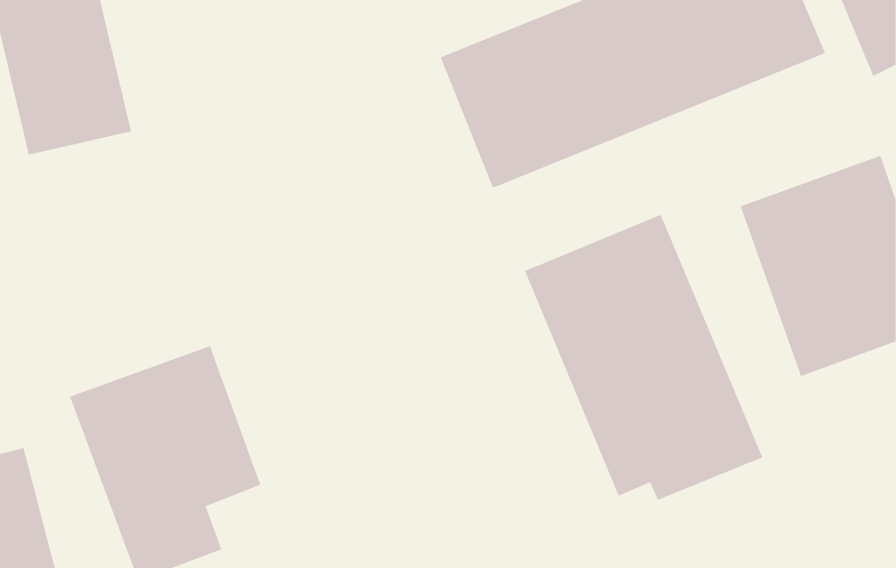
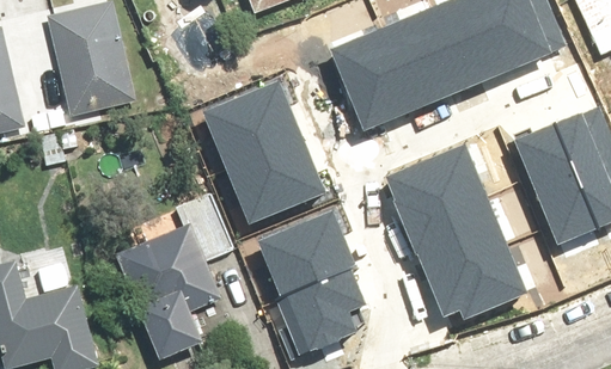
building: none -> [204,78,328,220]
building: none -> [256,210,361,352]

